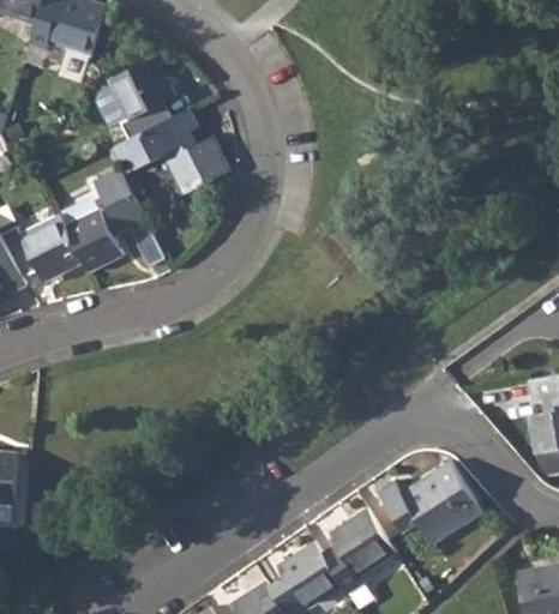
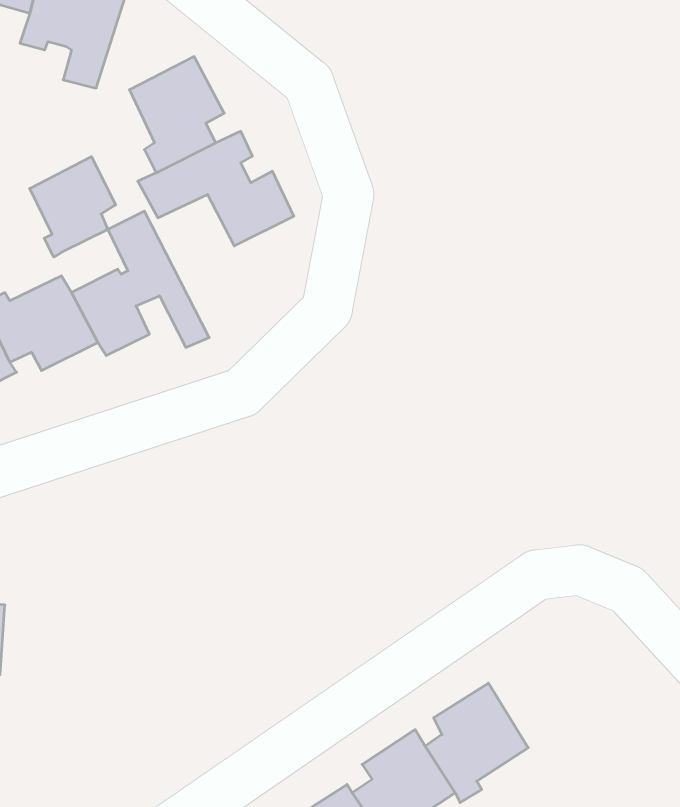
building: none -> [30,157,116,257]
building: [379,462,481,543] -> none

